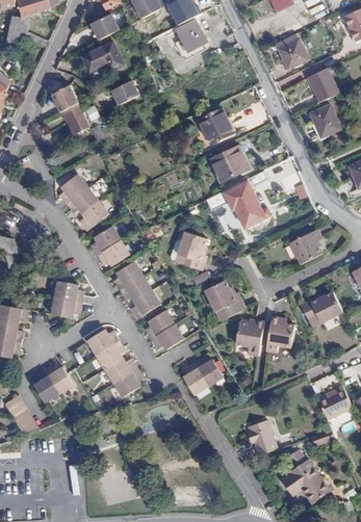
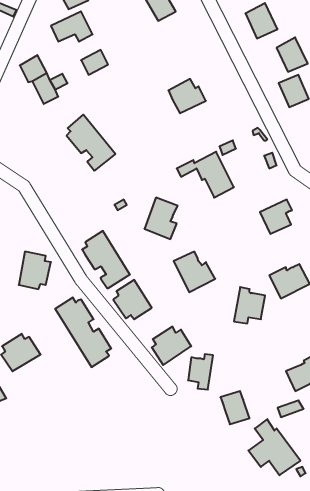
building: [210,145,249,181] -> none
building: [59,173,108,229] -> [67,115,115,171]
building: [89,225,128,264] -> none
building: [237,319,262,355] -> [188,354,213,390]

